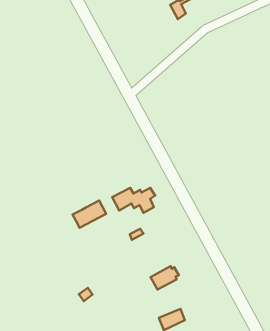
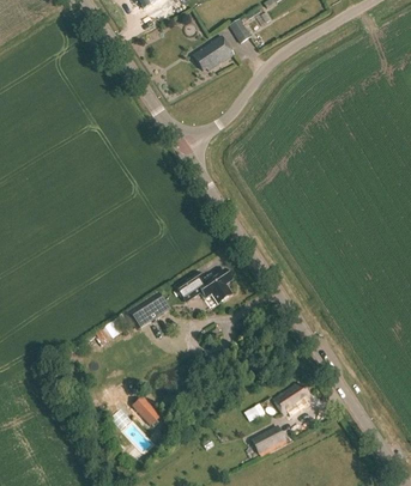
building: none -> [194,35,236,71]
building: [150,266,179,290] -> [273,382,310,414]

